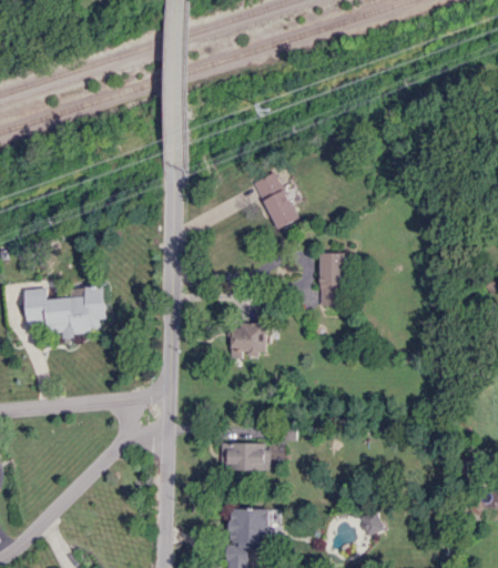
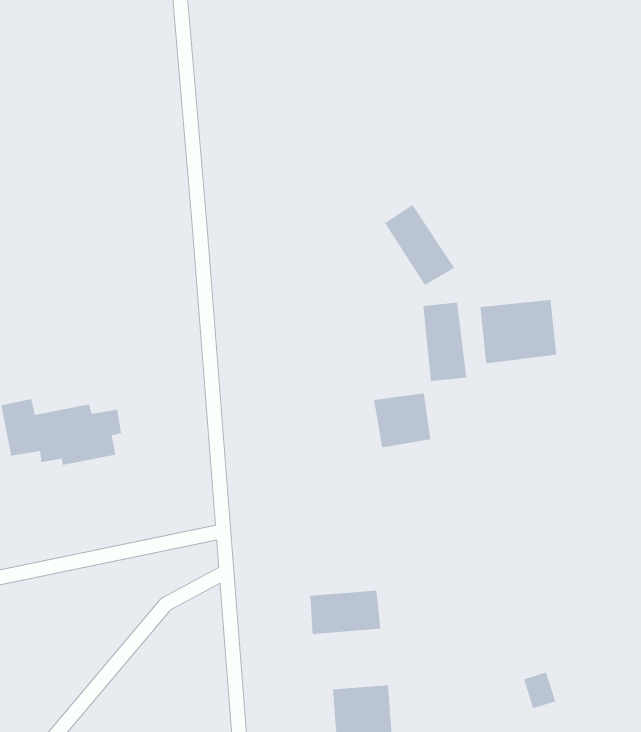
building: [253,172,298,229] -> [384,204,455,286]
building: none -> [480,299,557,364]
building: [230,324,266,358] -> [373,393,431,448]

